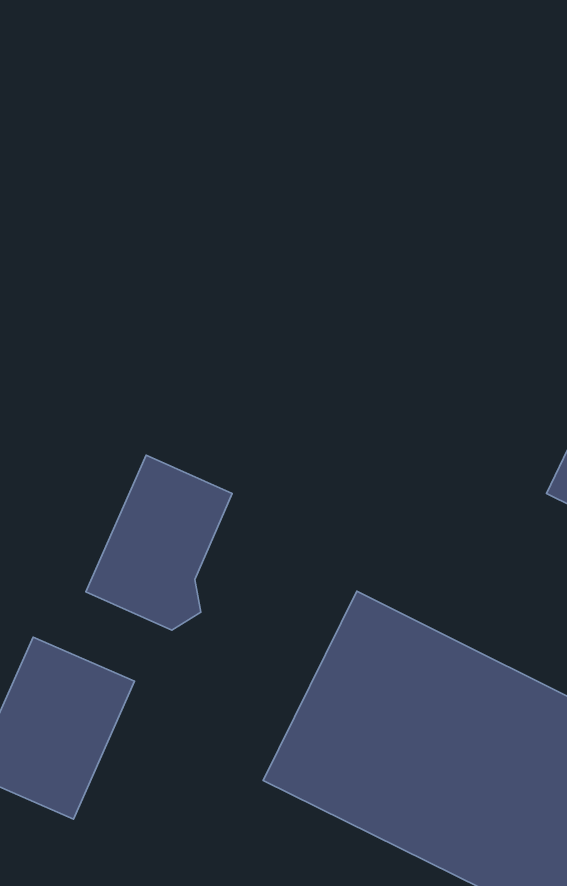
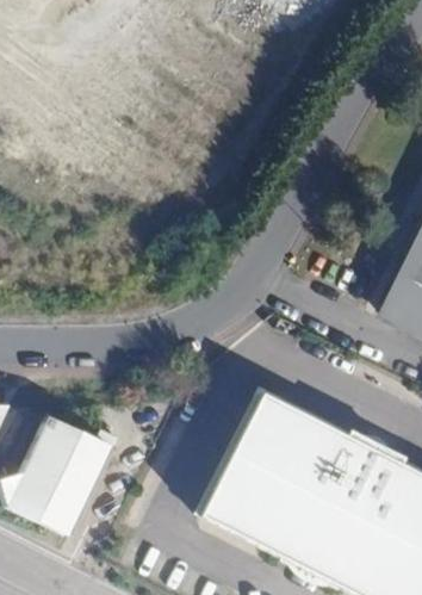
building: [86,455,232,630] -> none

